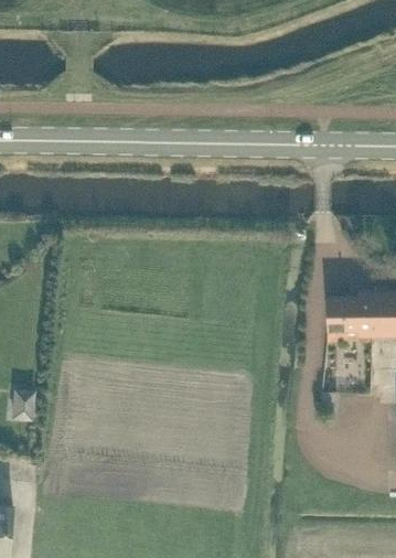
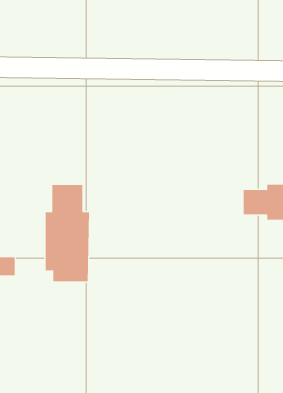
building: none -> [45,184,89,282]

